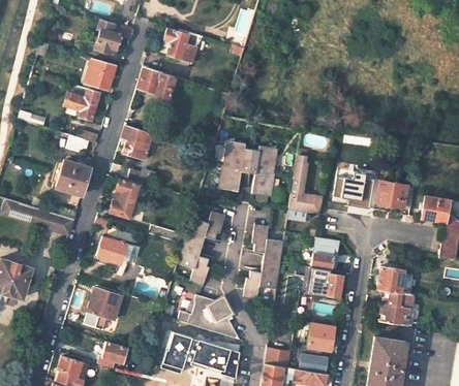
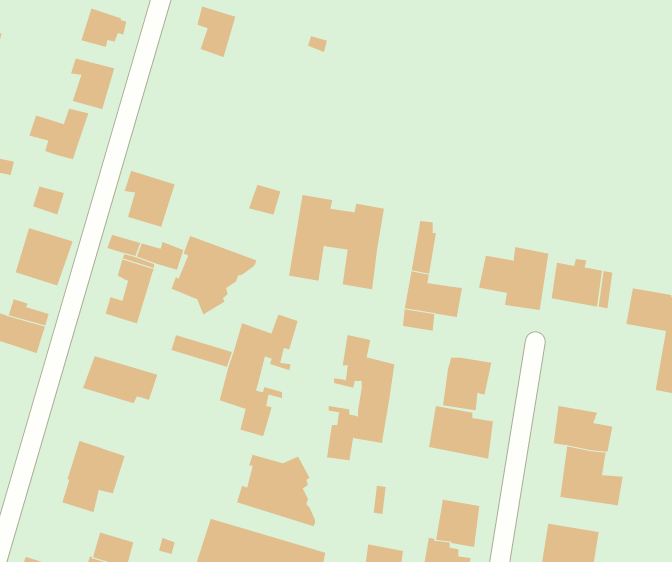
building: [181,33,203,65] -> none
building: [136,67,176,102] -> none
building: none -> [171,235,257,316]

